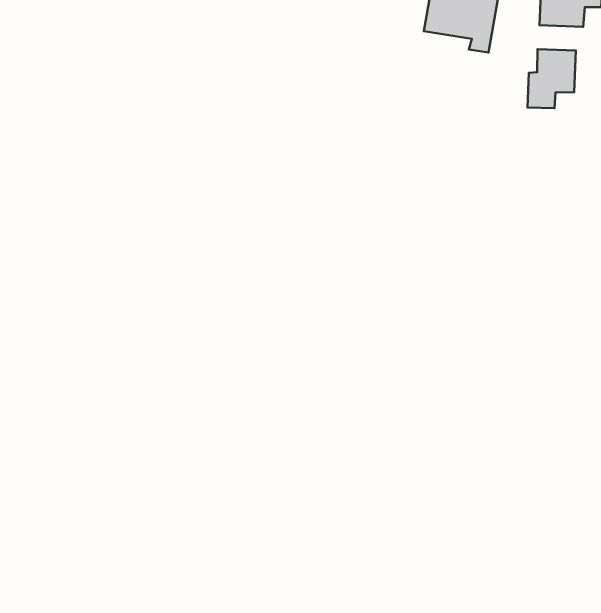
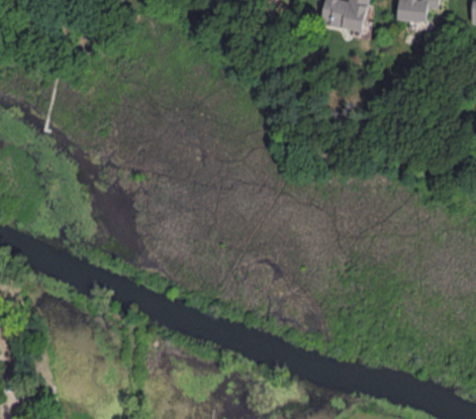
building: [528,49,576,108] -> none

